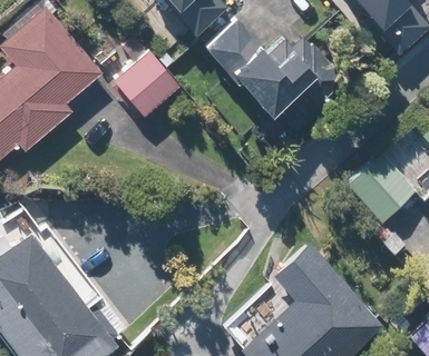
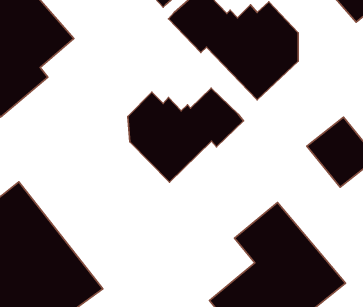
building: [111,51,181,119] -> none
building: none -> [128,88,243,182]

